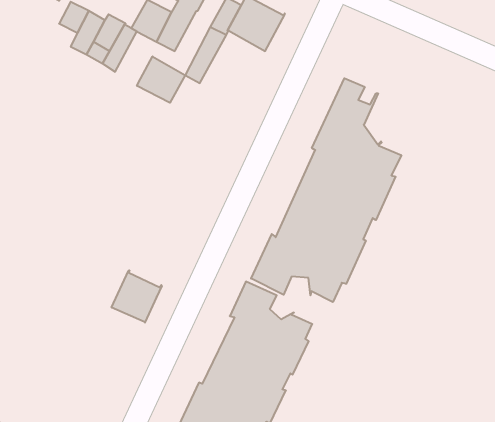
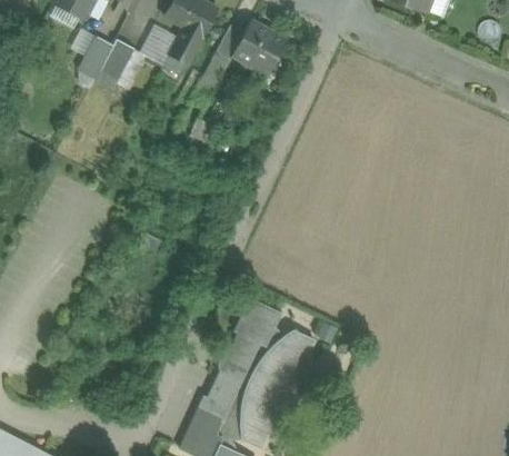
building: [137,56,185,103] -> none
building: [251,78,401,302] -> none
building: [112,270,162,323] -> none

